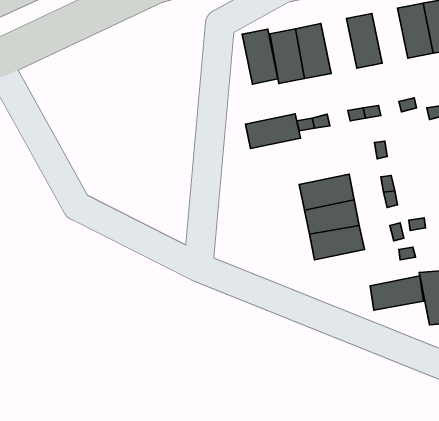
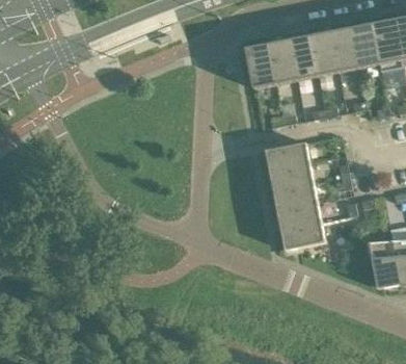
building: none -> [327,27,356,72]
building: [242,29,278,84] -> [286,35,315,80]
building: [246,114,300,148] -> [264,142,308,171]
building: [370,276,424,310] -> [280,224,324,252]

